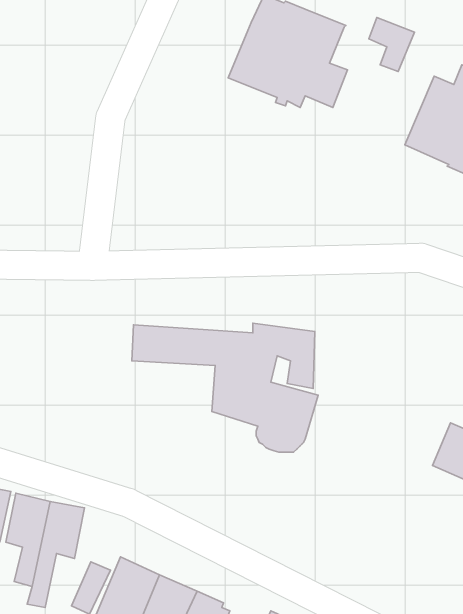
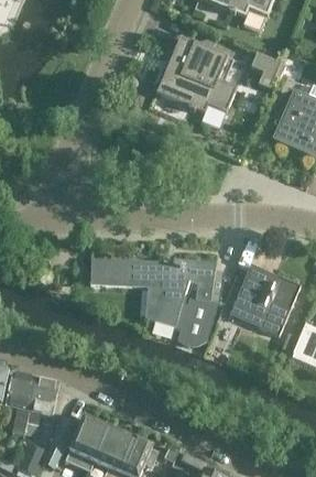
building: none -> [232,262,301,335]

